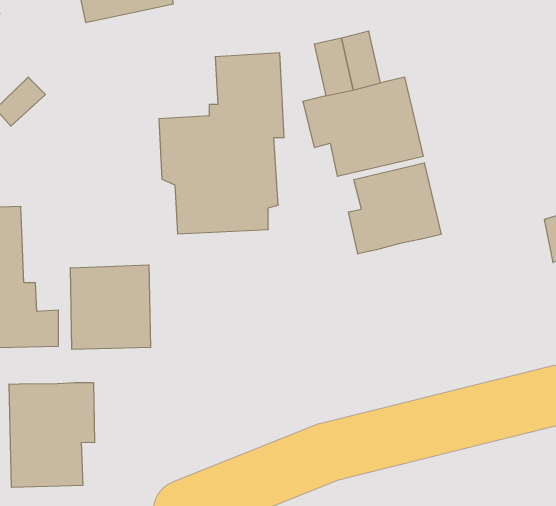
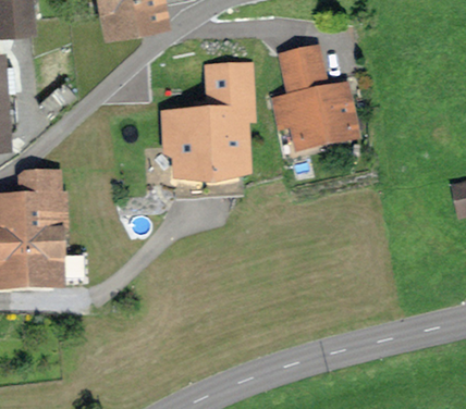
building: [348,163,441,254] -> none
building: [70,265,151,349] -> none
building: [9,383,94,487] -> none

